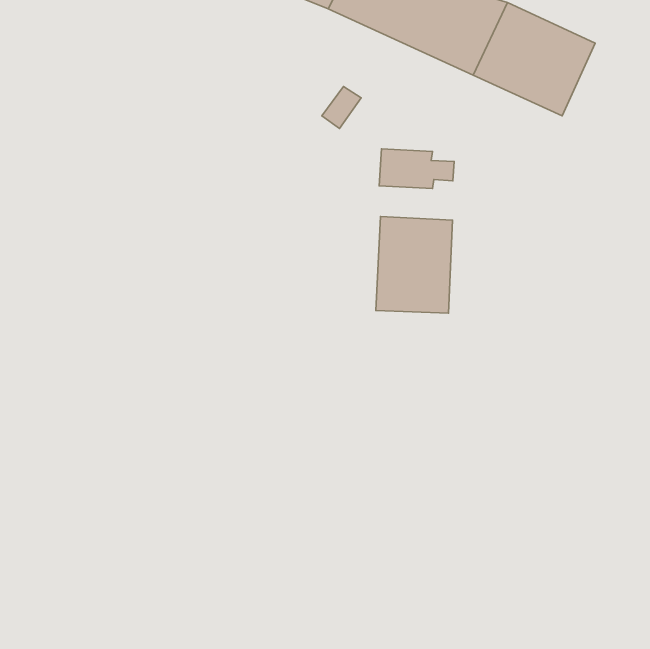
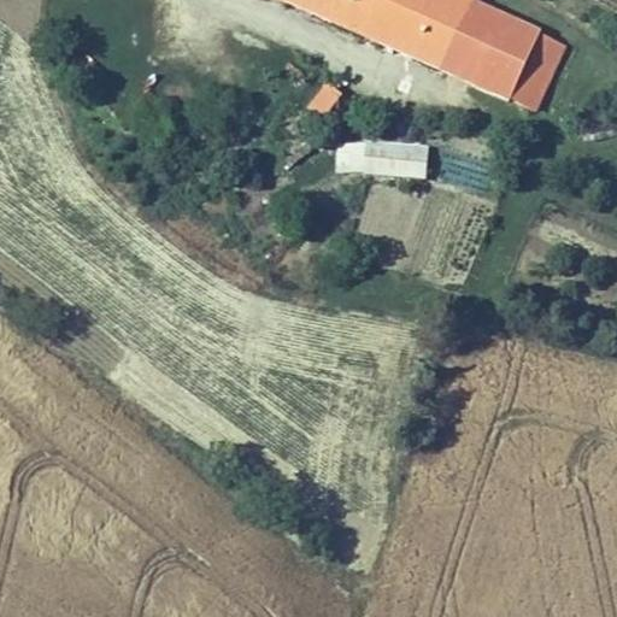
building: [376,216,453,313] -> none

